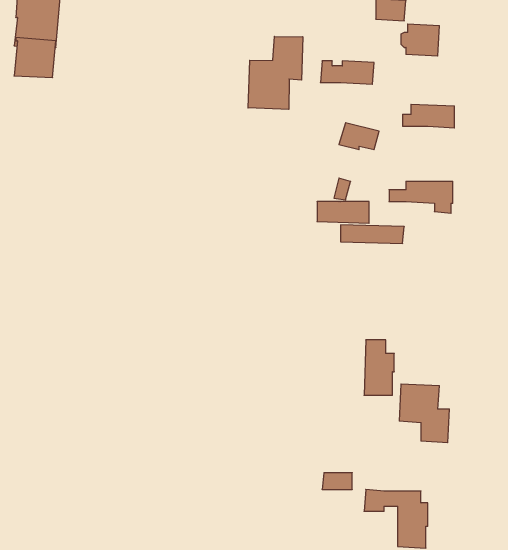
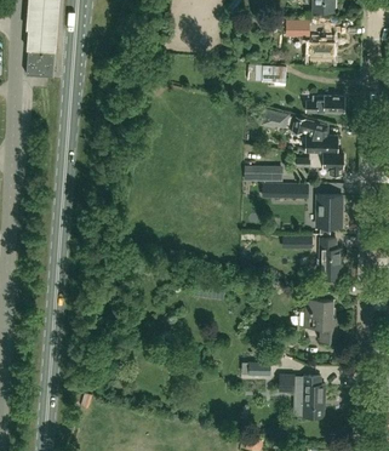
building: [248,36,303,109] -> none
building: none -> [292,118,338,153]
building: none -> [316,195,342,228]
building: [364,340,394,395] -> [320,239,342,279]

